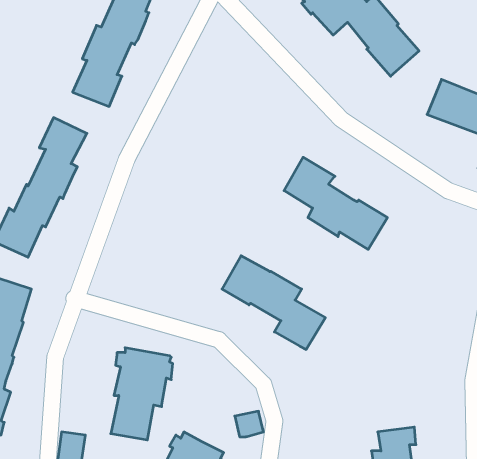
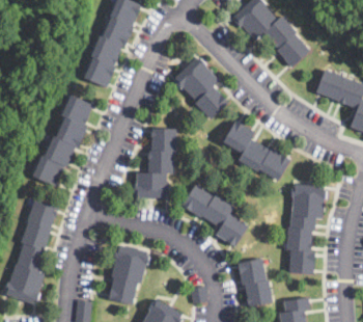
building: none -> [173,56,229,120]
building: none -> [133,129,176,198]
building: none -> [285,182,327,275]
building: none -> [236,258,272,307]

